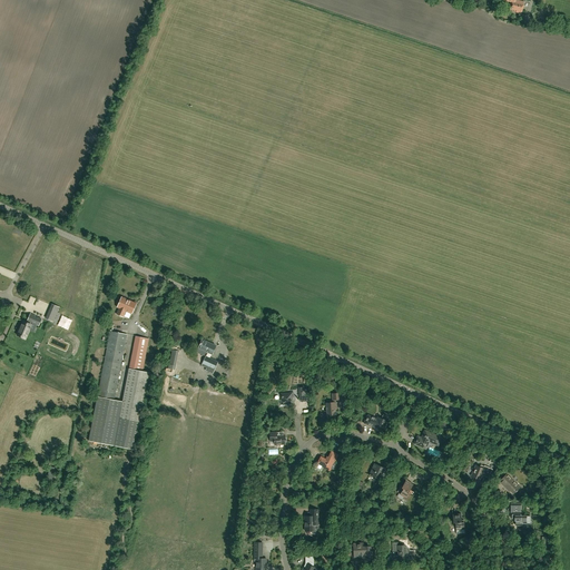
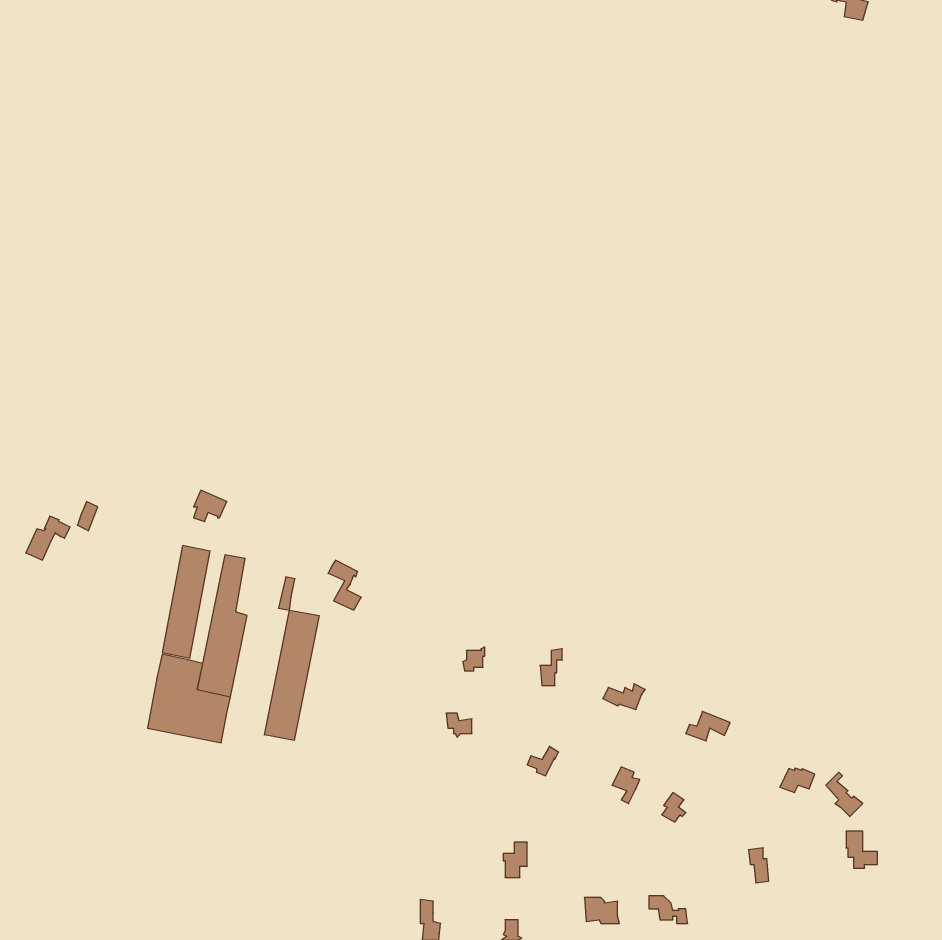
building: none -> [264,610,319,740]

